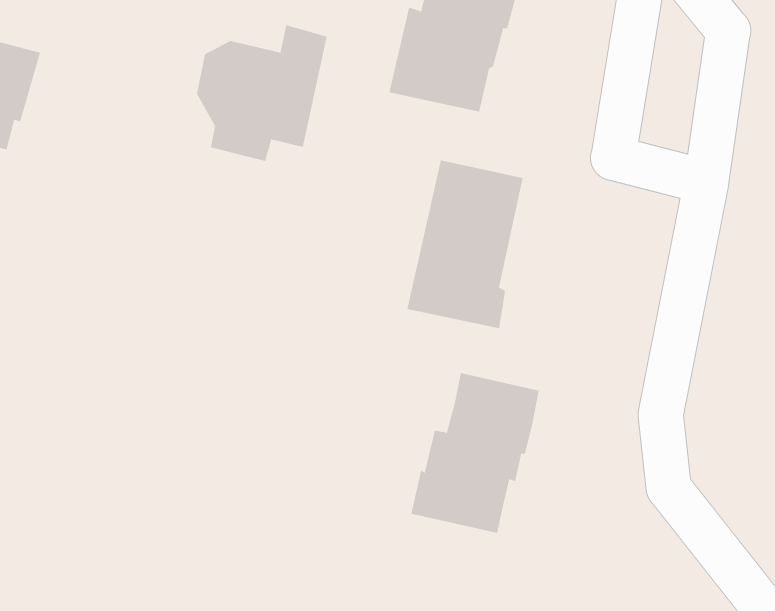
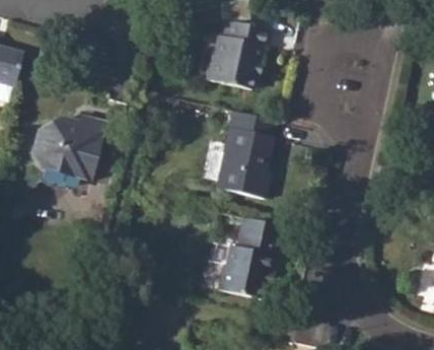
building: [196,24,327,162] -> [37,117,103,187]

